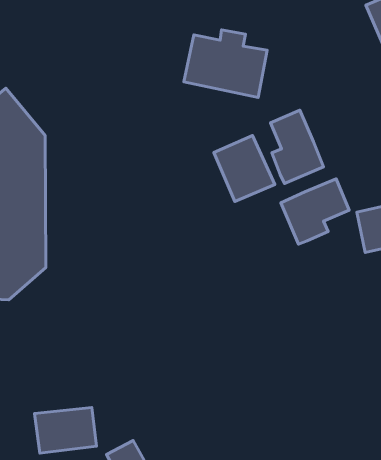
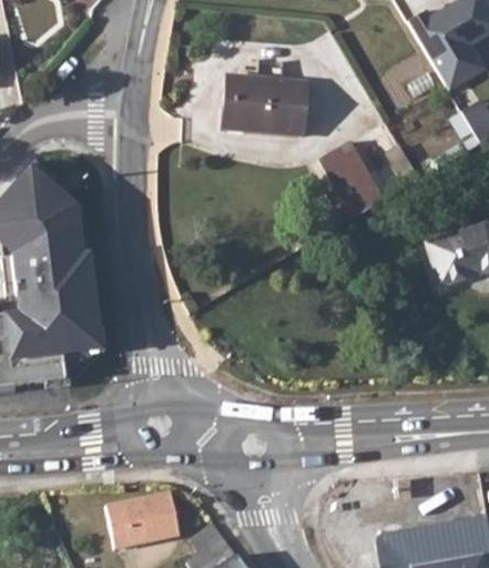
building: [214,136,275,201] -> none
building: [281,179,349,244] -> none

